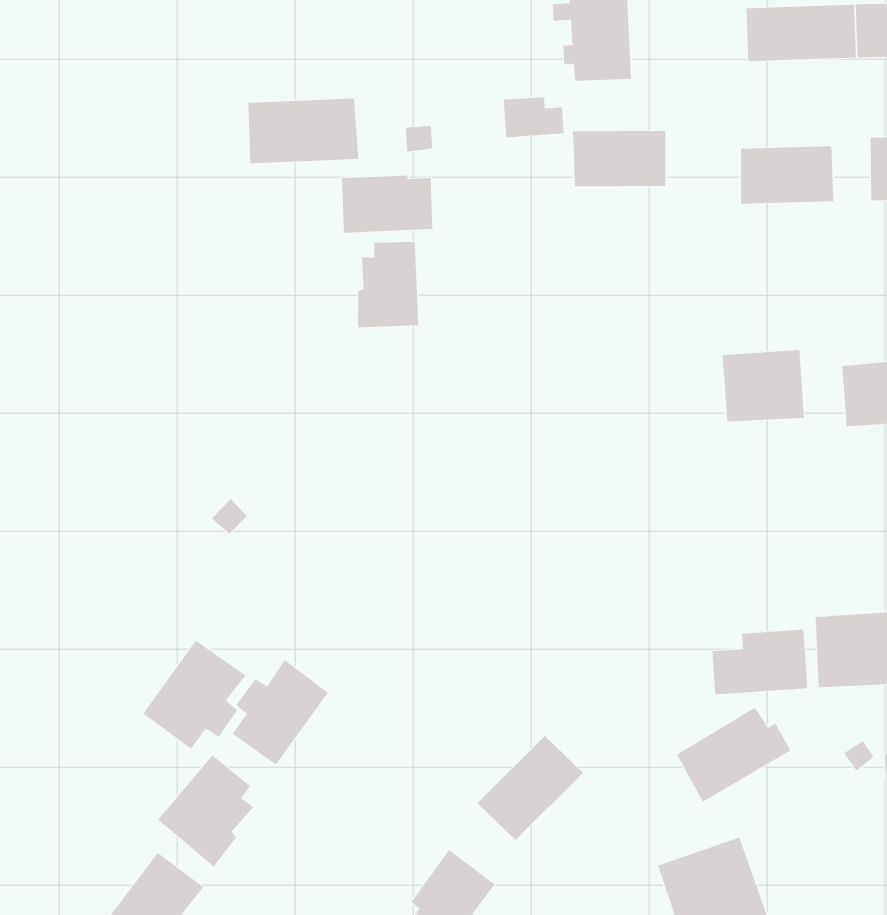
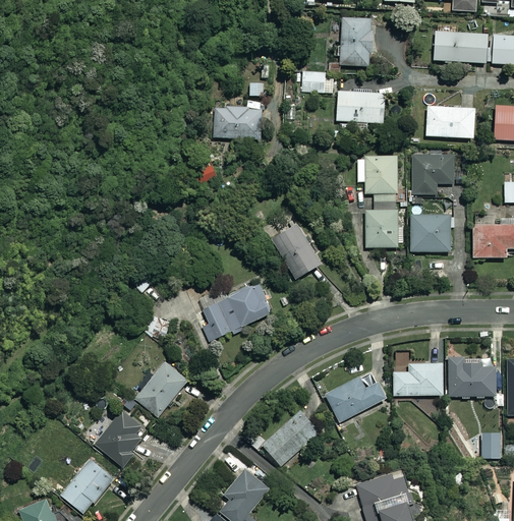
building: [248,98,359,164] -> none
building: none -> [412,154,454,195]
building: [358,241,419,328] -> none
building: none -> [357,156,402,246]
building: none -> [271,224,322,280]
building: none -> [202,283,272,340]
building: [142,640,246,750] -> none
building: [676,707,791,803] -> [326,372,387,421]

